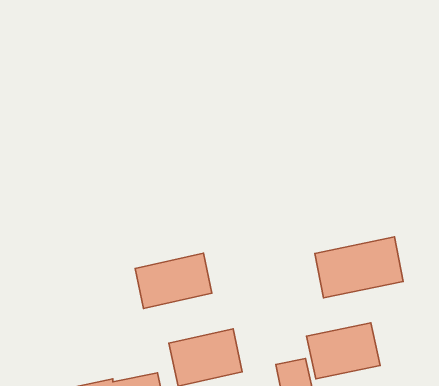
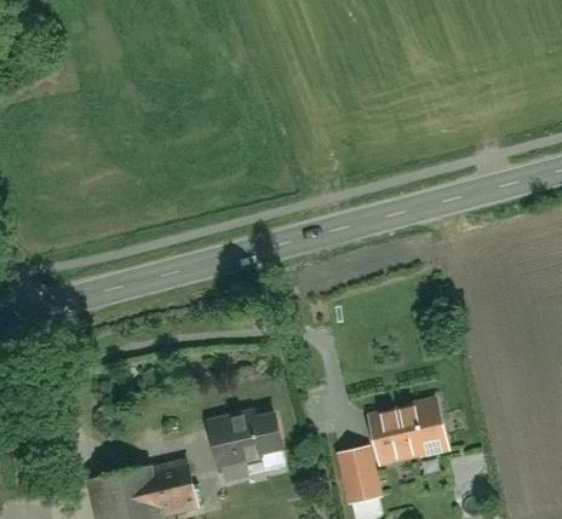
building: [315,237,403,298] -> none
building: [135,253,212,308] -> none

